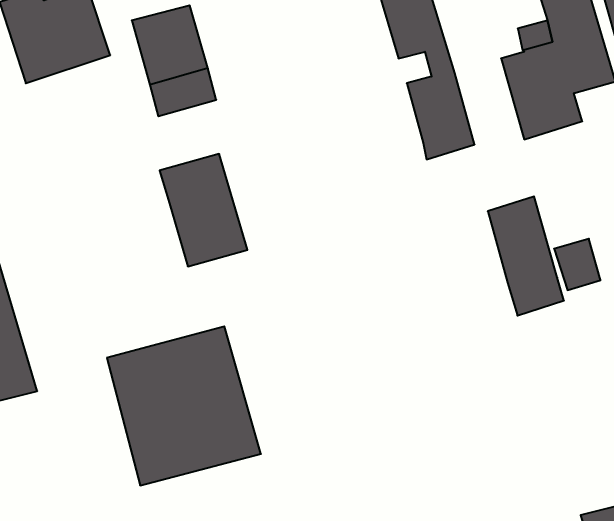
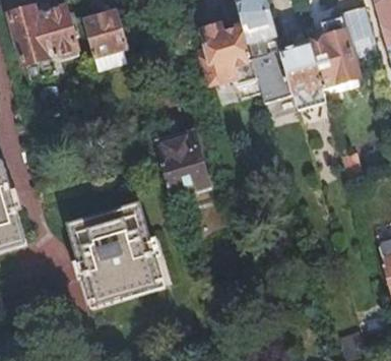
building: none -> [199,15,263,100]
building: [160,154,247,266] -> [156,129,210,198]
building: [488,196,564,316] -> [282,42,329,115]

